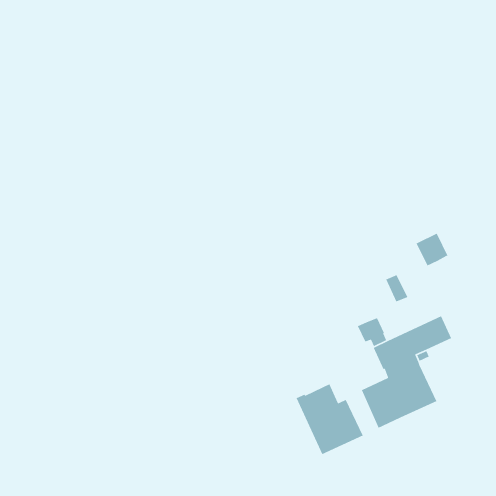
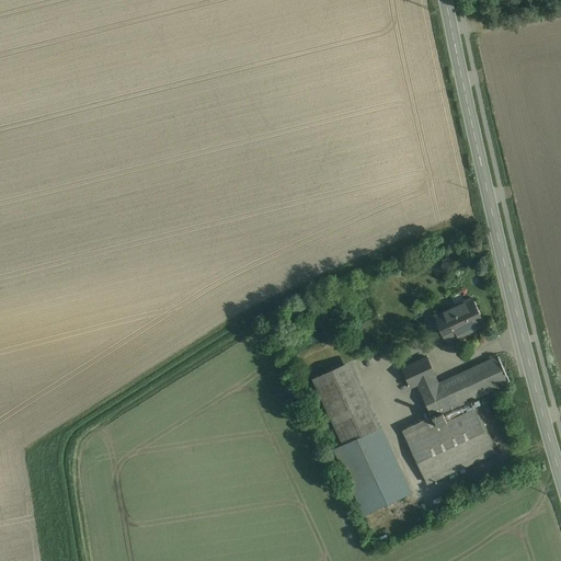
building: [416,232,449,266] -> [447,297,484,335]
building: none -> [313,364,374,445]

